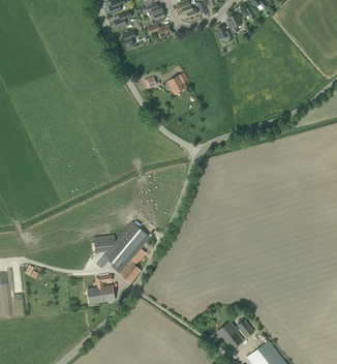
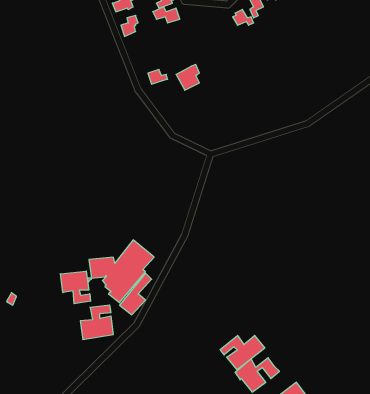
building: none -> [60,271,90,304]
building: none -> [220,335,265,370]

